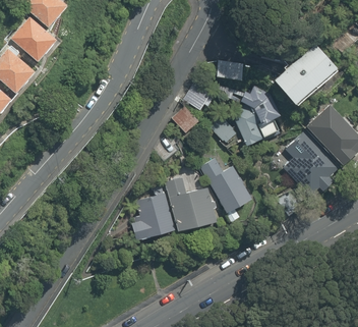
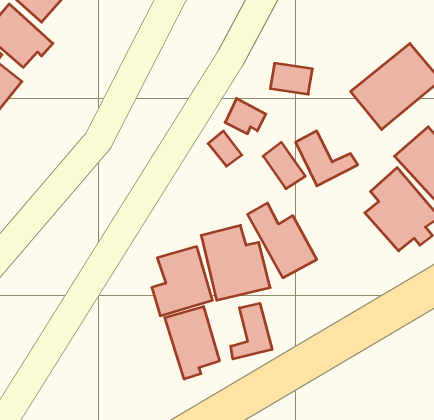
building: [241,88,281,126] -> none
building: none -> [231,303,272,359]
building: none -> [165,306,219,379]

